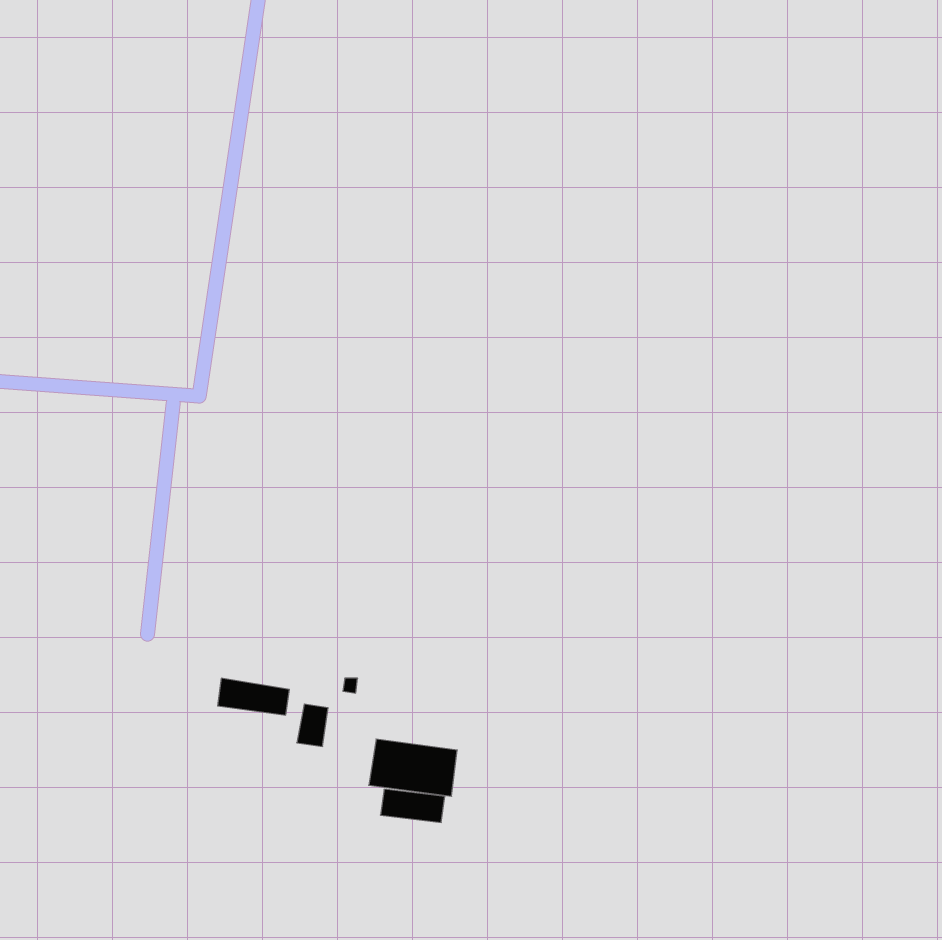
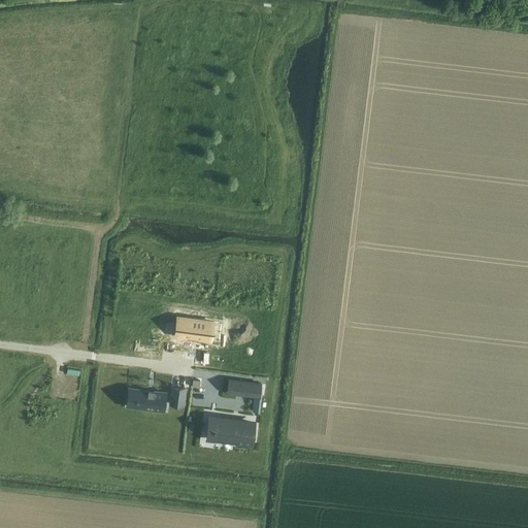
building: none -> [174,319,222,342]
building: [380,789,445,822] -> [226,380,262,398]

